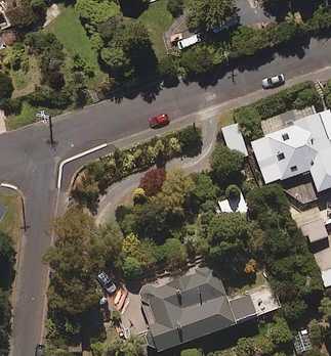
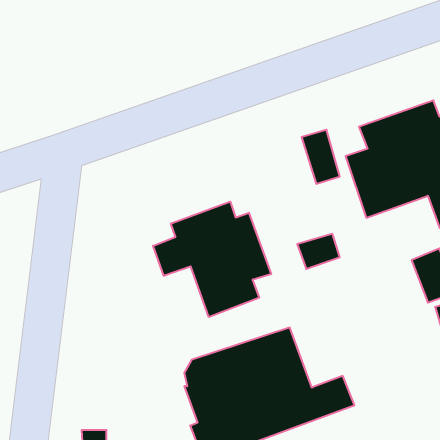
building: none -> [153,202,271,317]

